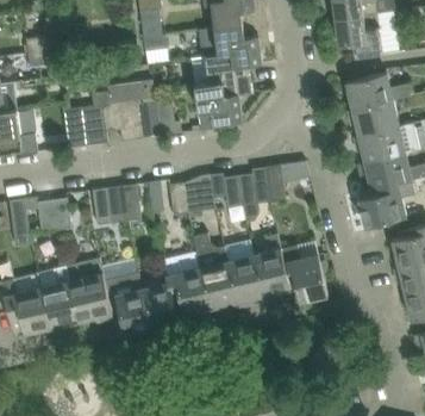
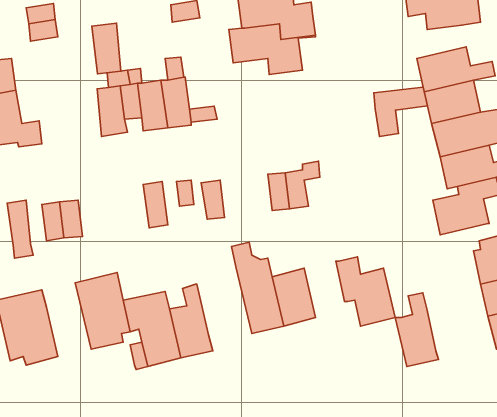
building: [194,81,251,130] -> none
building: [62,106,86,148] -> [92,23,121,74]
building: [264,161,308,201] -> [374,87,427,136]
building: [183,173,215,212] -> none
building: [92,185,125,224] -> none
building: [252,234,288,294] -> [395,293,439,367]
building: [163,253,210,313] -> none
building: [40,266,77,327] -> none

